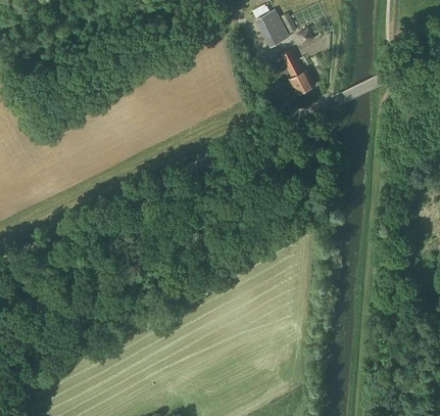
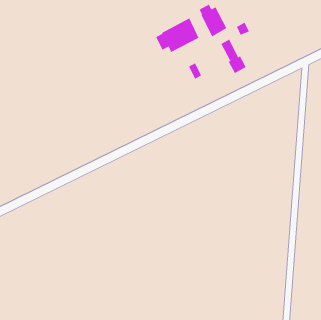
building: none -> [155,17,199,53]

